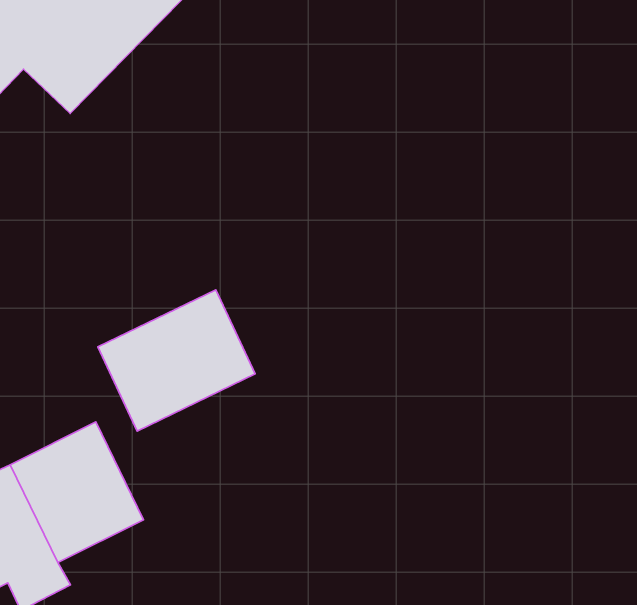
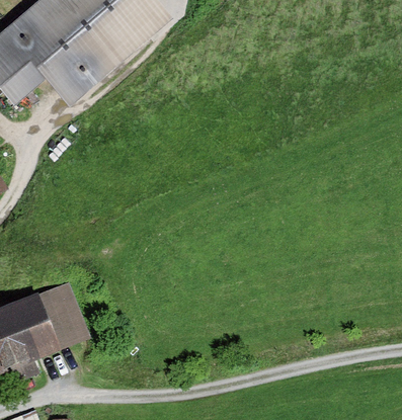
building: [98,290,255,431] -> none

